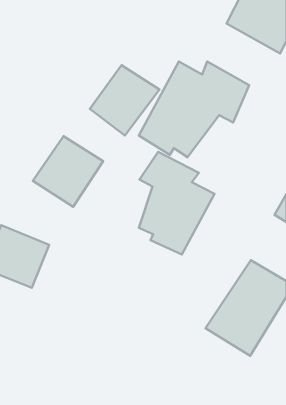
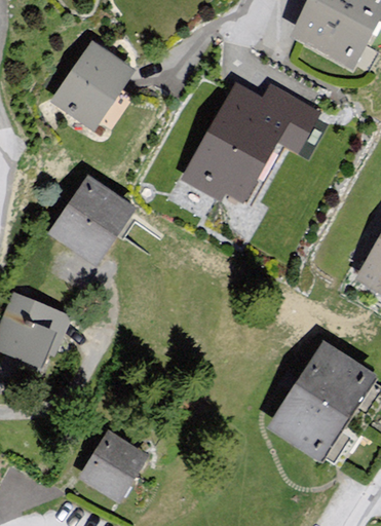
building: [90,65,160,136] -> [49,44,138,134]
building: [139,152,215,255] -> none
building: none -> [77,426,151,498]

